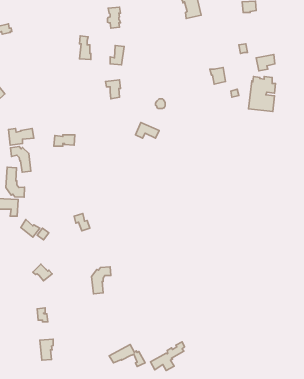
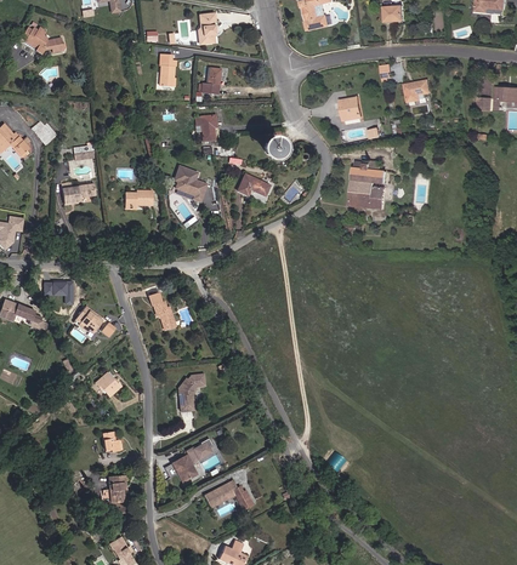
building: [248,77,276,112] -> [348,161,386,210]
building: none -> [174,166,205,201]
building: [10,147,31,172] -> none
building: [6,167,25,197] -> none
building: [150,342,185,371] -> [163,443,210,483]

